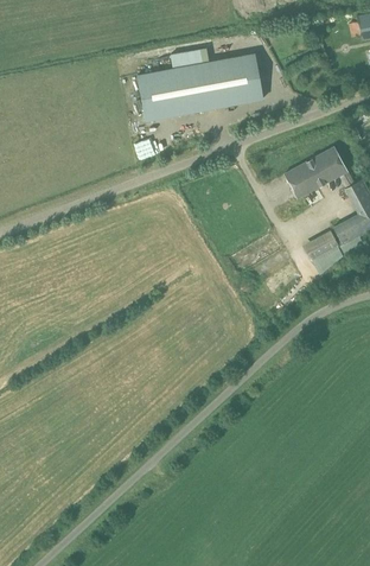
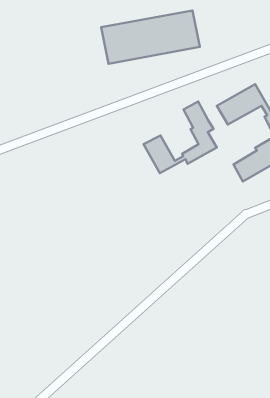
building: none -> [144,101,217,173]

